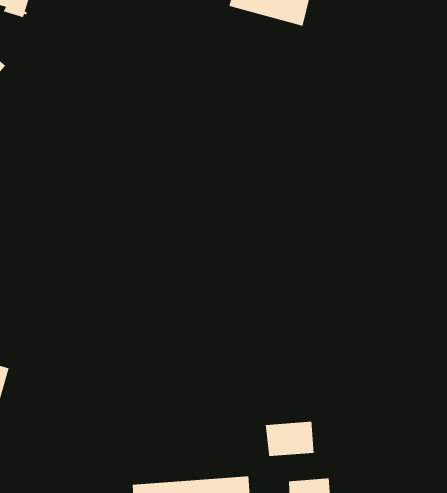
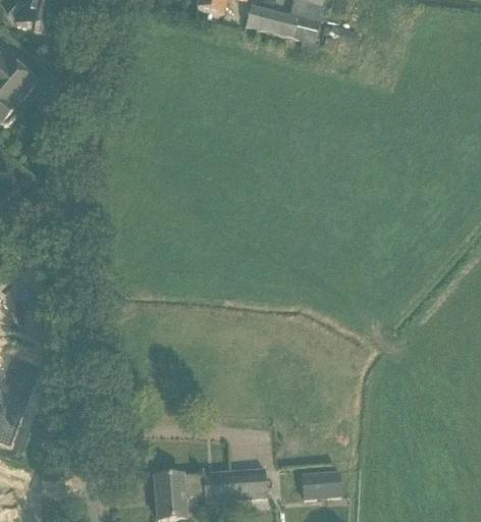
building: [265,421,314,457] -> none

